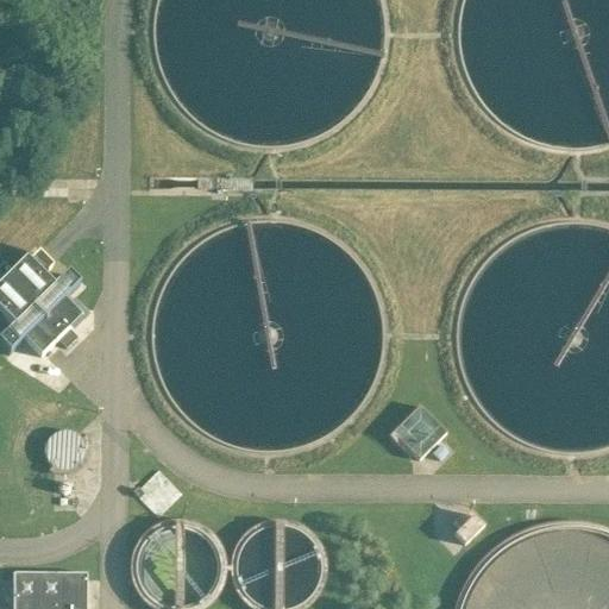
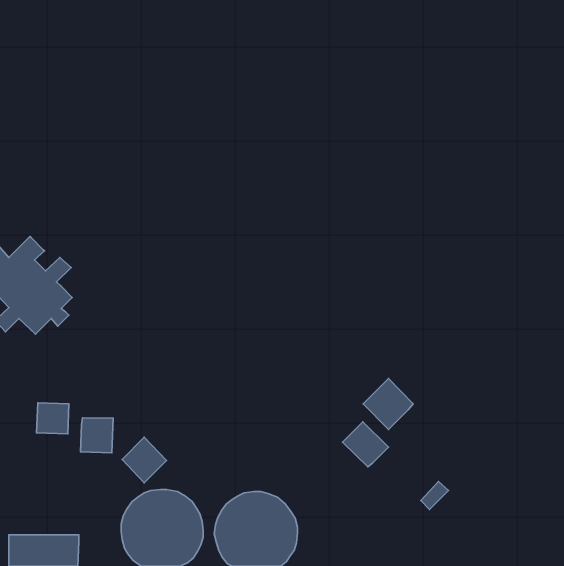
building: none -> [80,418,113,453]
building: none -> [342,422,388,467]

